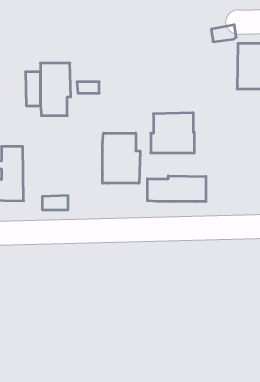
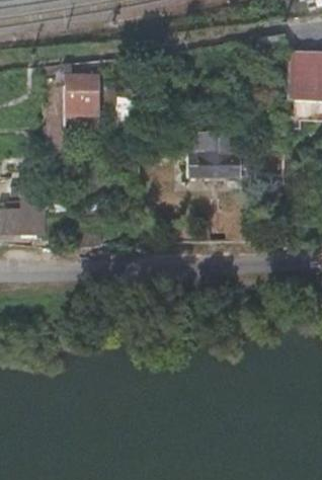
building: [103,133,140,183] -> none
building: [147,176,206,202] -> none

